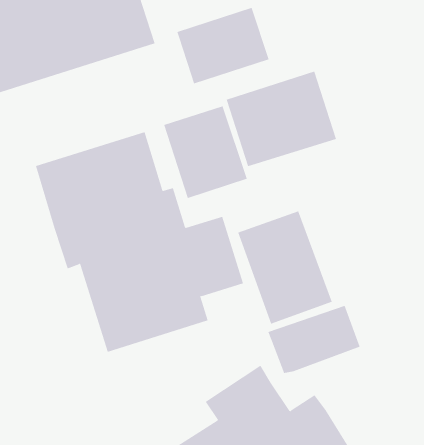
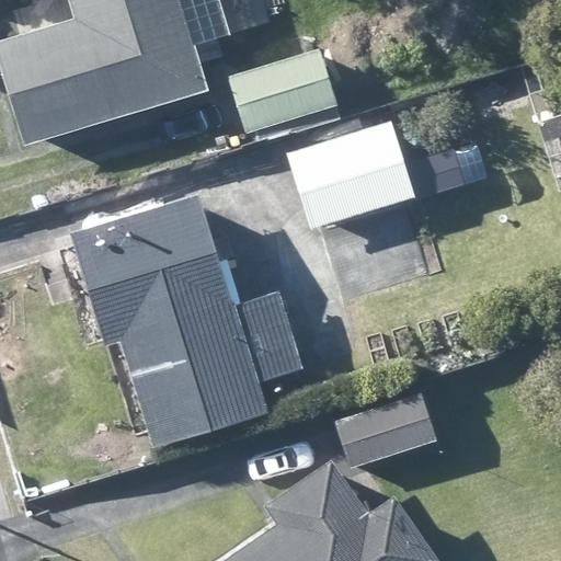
building: [163,105,248,199] -> none
building: [237,210,333,324] -> none

